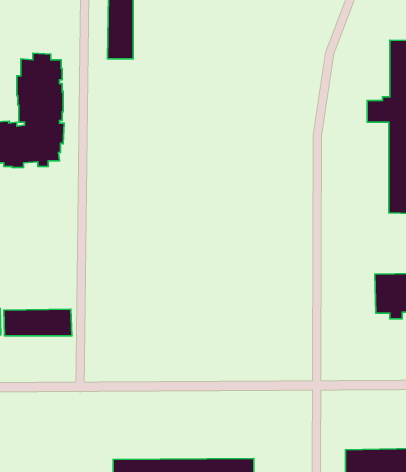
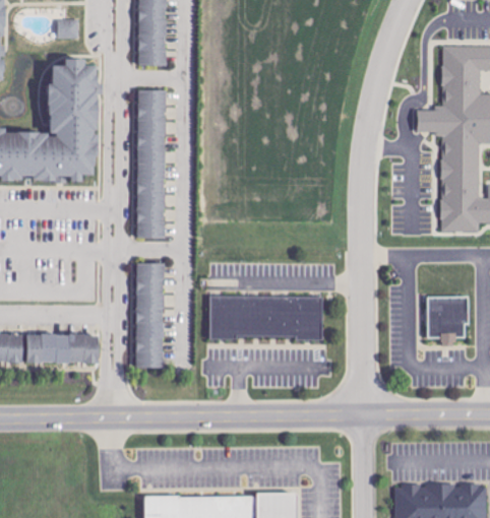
building: none -> [57,18,78,39]
building: none -> [137,89,166,239]
building: none -> [136,263,164,368]
building: none -> [210,296,322,338]

